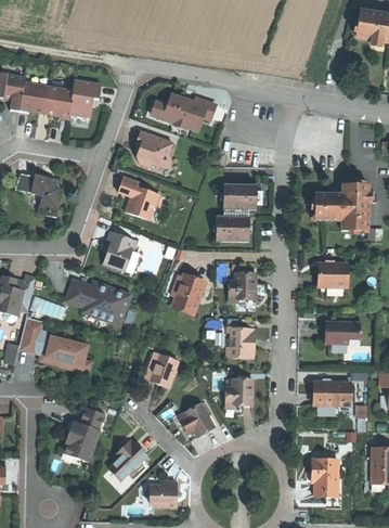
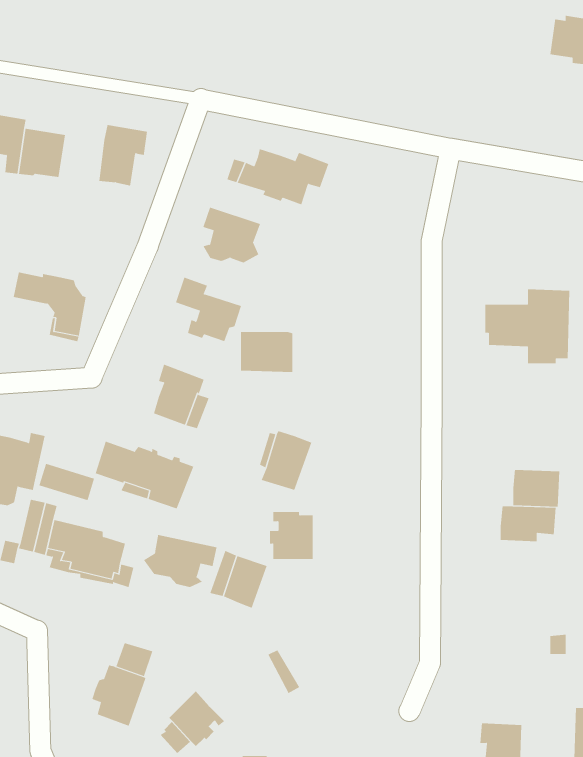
building: [44,86,73,119] -> none
building: [223,183,256,208] -> none
building: [216,215,249,241] -> [240,331,293,372]
building: [317,262,348,286] -> [512,470,560,507]
building: [231,272,258,298] -> none
building: [226,325,255,356] -> [269,512,314,559]
building: none -> [143,534,217,588]
building: [225,377,252,402] -> none
building: [312,382,350,407] -> none
building: [183,402,213,436] -> none

